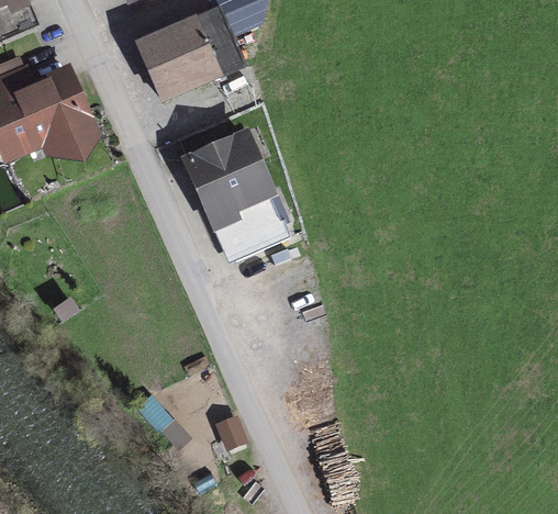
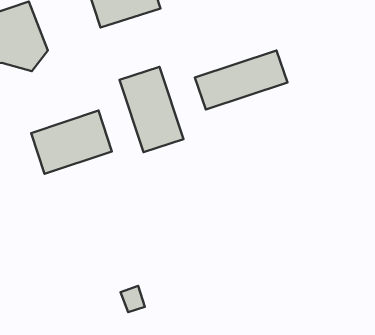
building: none -> [195,50,288,110]
building: none -> [31,111,112,174]

